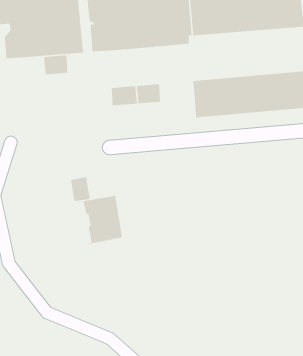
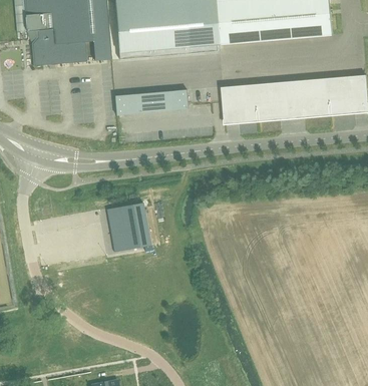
building: [43,55,68,75] -> [114,94,139,114]
building: [71,176,91,202] -> none

